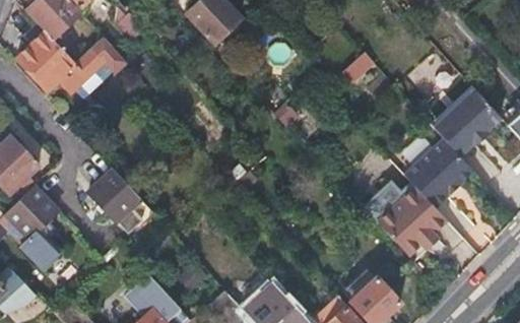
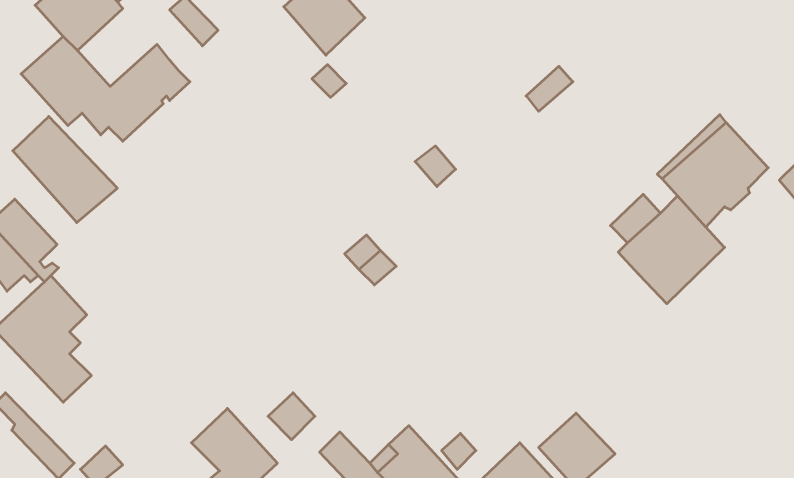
building: [88,170,156,239] -> [13,116,117,223]
building: [363,179,448,256] -> none

